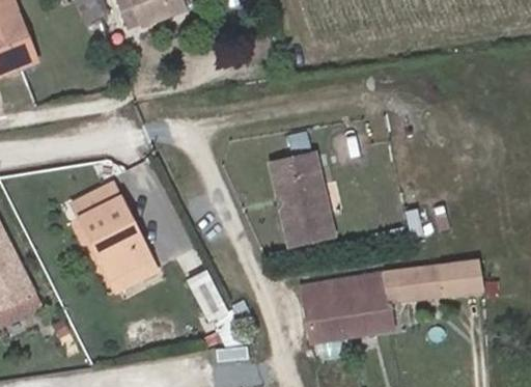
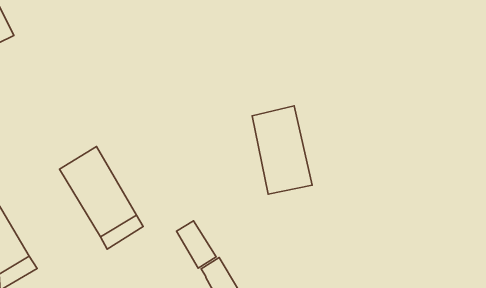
building: [301,260,480,341] -> none

